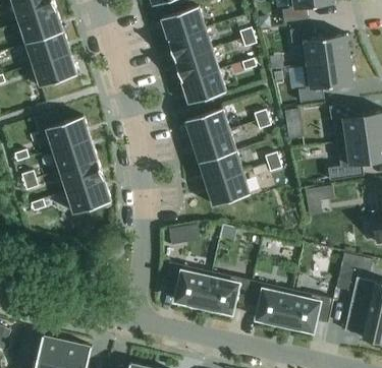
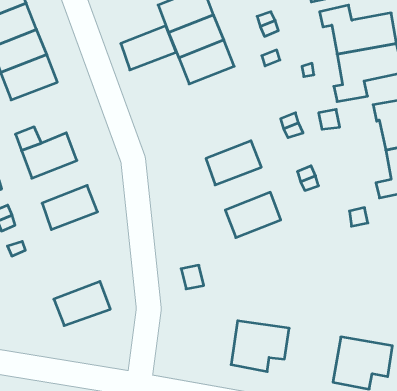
building: [182,70,226,104] -> [121,26,176,70]
building: [185,109,229,142] -> none
building: [53,138,97,171] -> none
building: [199,151,242,184] -> none
building: [66,180,111,213] -> [54,281,110,326]
building: [165,263,211,307] -> none
building: [247,281,292,325] -> none

